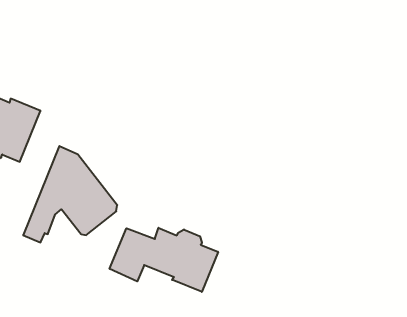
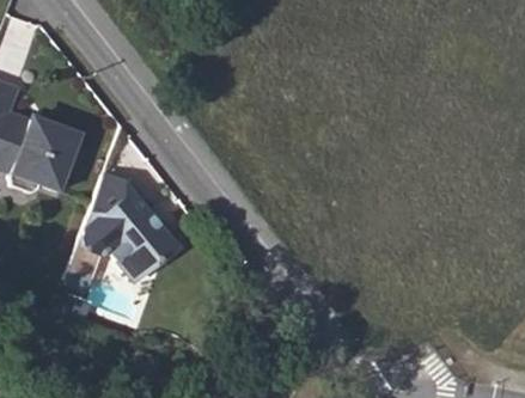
building: [110,228,218,292] -> none

